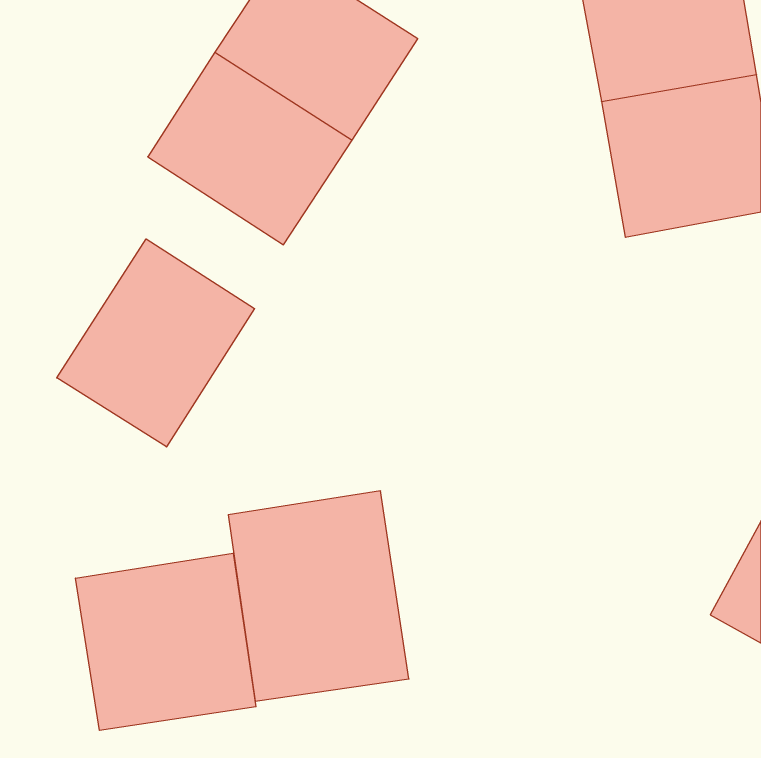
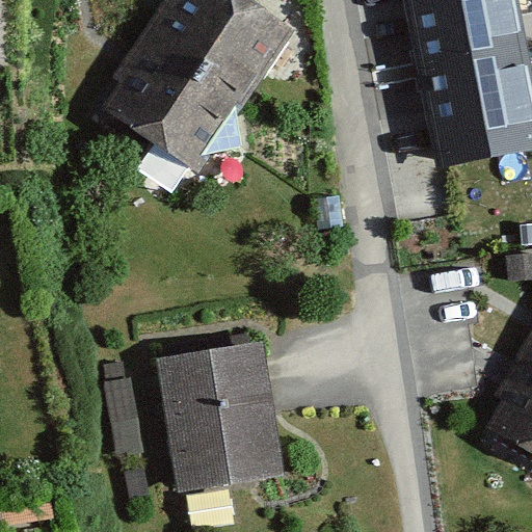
building: [57,239,255,447] -> none
building: [76,553,256,730] -> none

